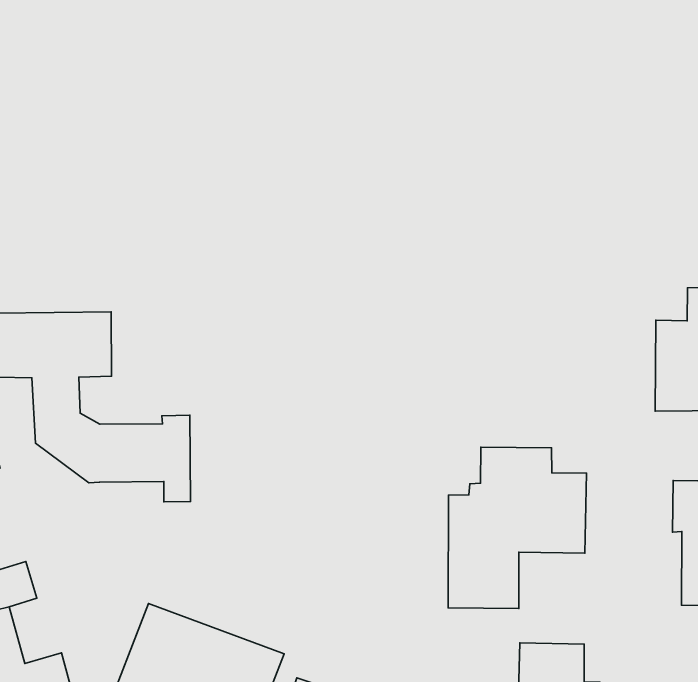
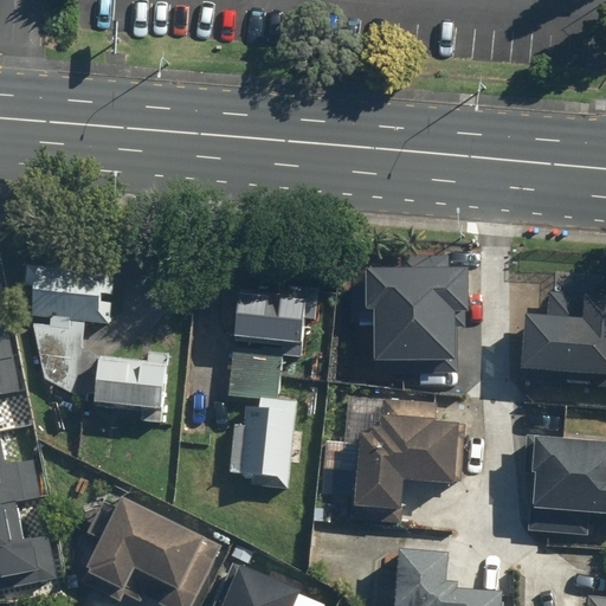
building: none -> [366,257,471,374]
building: none -> [234,294,307,343]
building: none -> [230,349,292,473]

